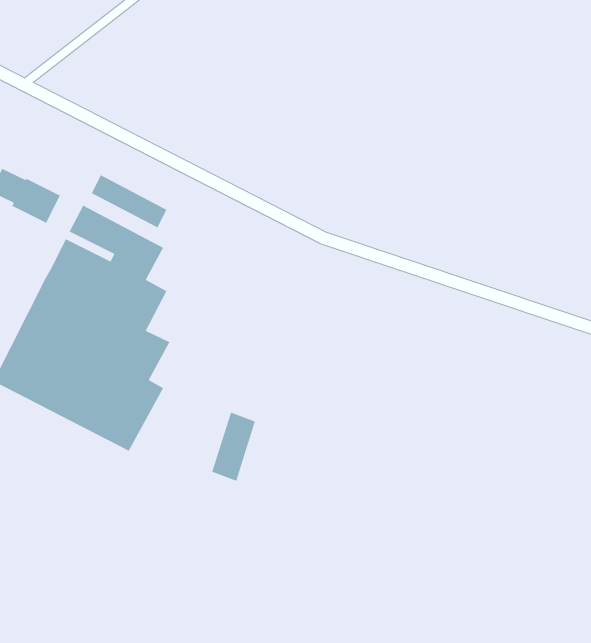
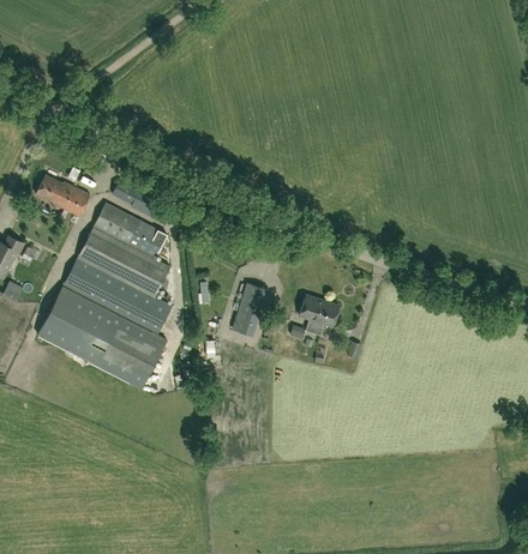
building: none -> [299,295,338,335]
building: [211,412,256,482] -> [233,283,266,336]

